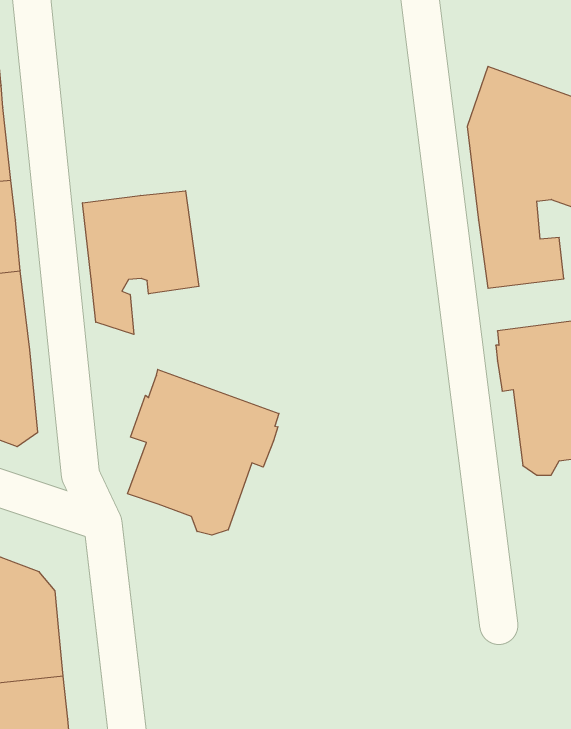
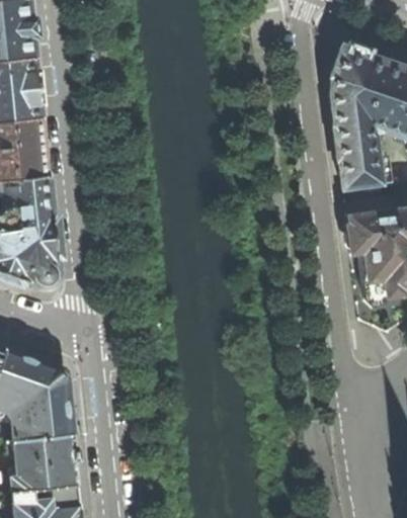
building: [83,191,199,334] -> none
building: [128,369,279,535] -> none

